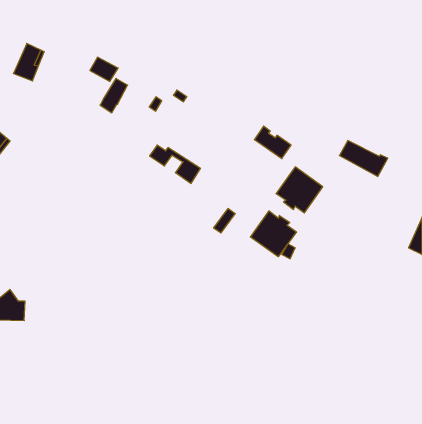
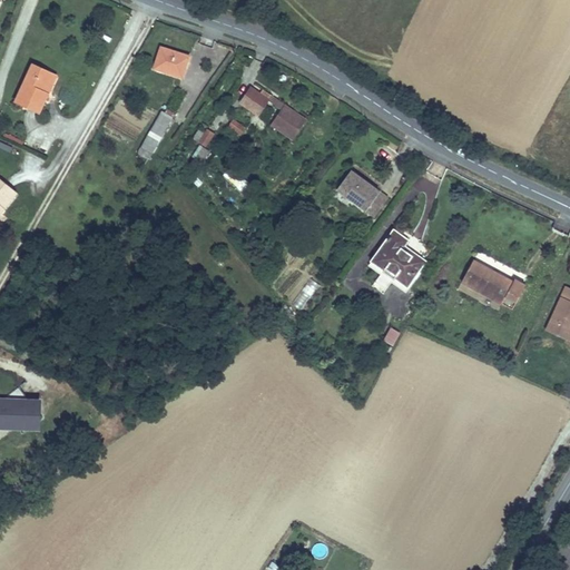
building: [90,57,118,81] -> [150,46,188,78]
building: [339,141,388,176] -> [462,262,527,309]
building: [150,145,200,183] -> [243,89,311,140]
building: [250,211,296,257] -> none

